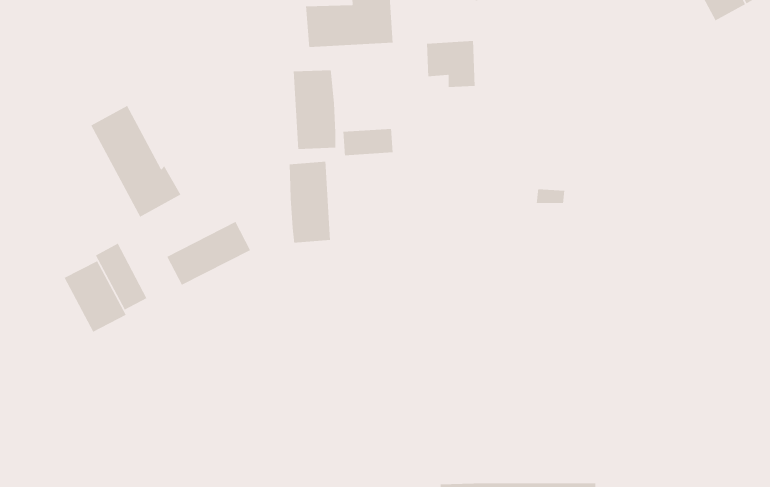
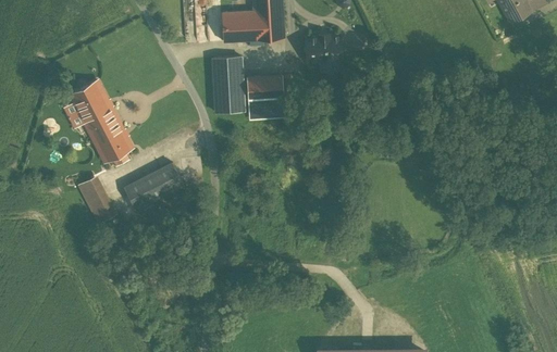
building: none -> [247,76,283,100]
building: [289,161,331,243] -> none
building: [63,260,127,333] -> none

